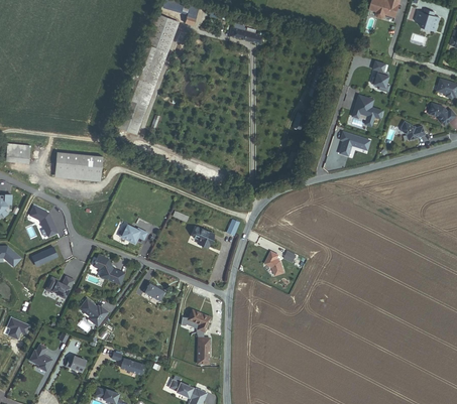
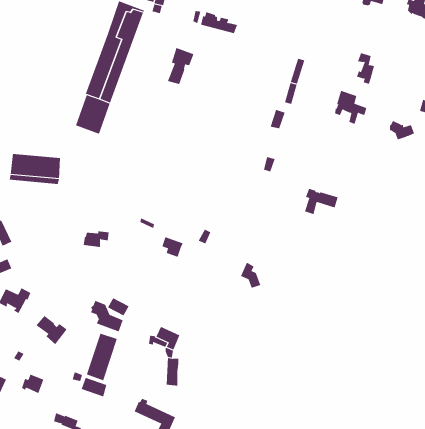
building: none -> [167,47,194,85]
building: [339,132,370,156] -> [304,188,338,215]
building: [94,256,124,285] -> [90,300,123,332]
building: none -> [86,333,118,381]

